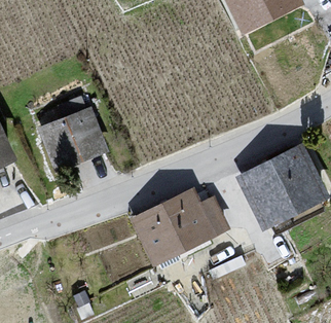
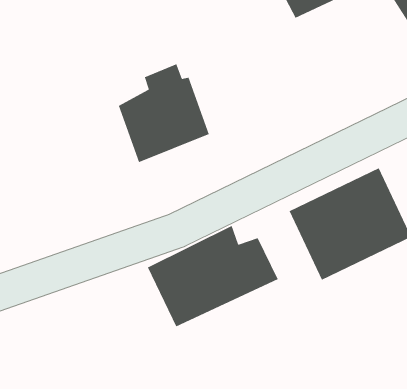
building: [38,97,107,172] -> [118,63,210,163]

